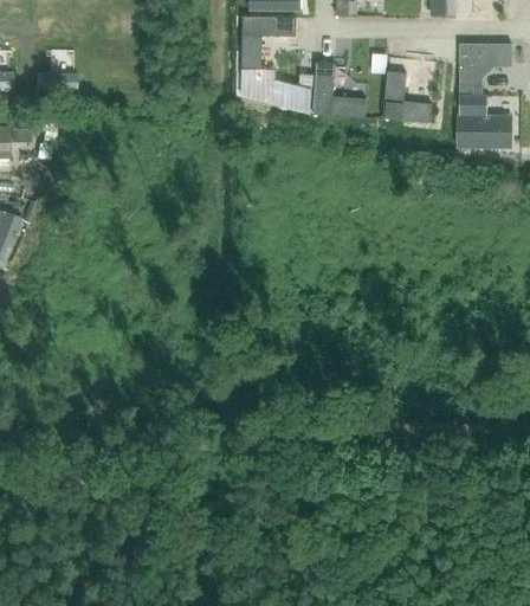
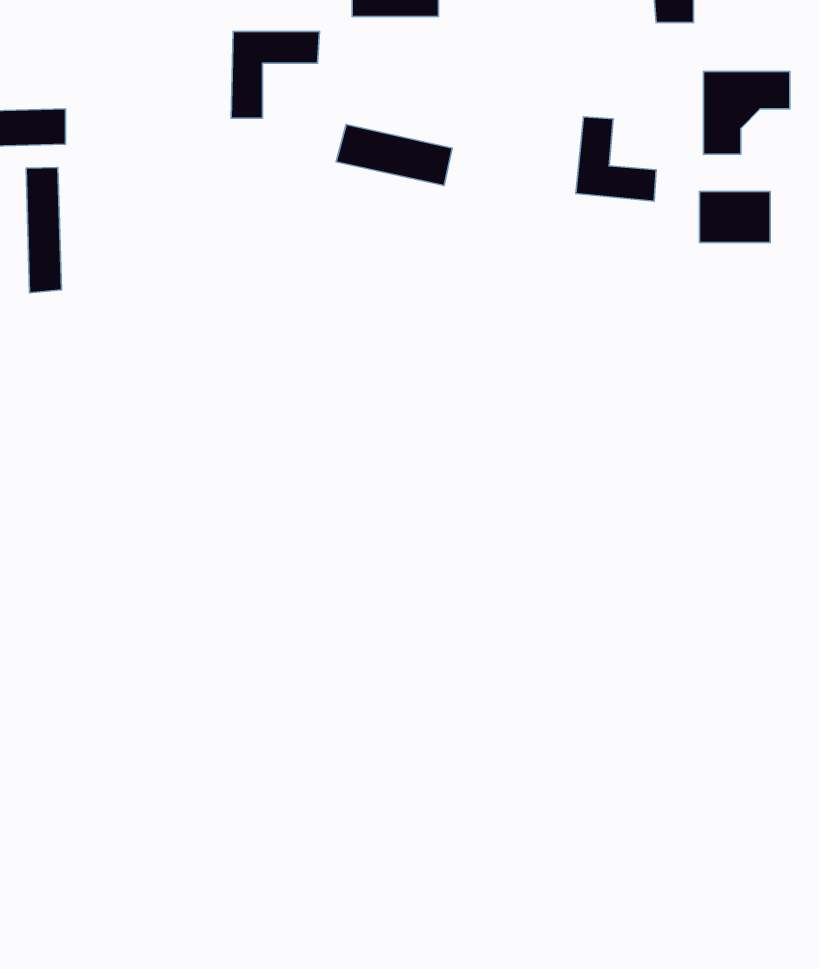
building: [241,17,295,69] -> [231,32,319,118]
building: [311,62,364,117] -> none
building: none -> [26,168,61,293]

